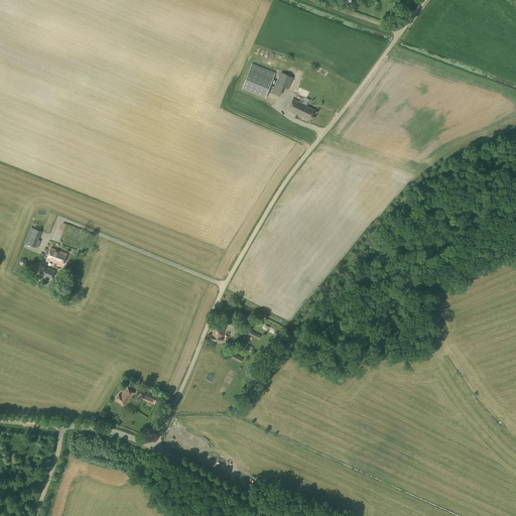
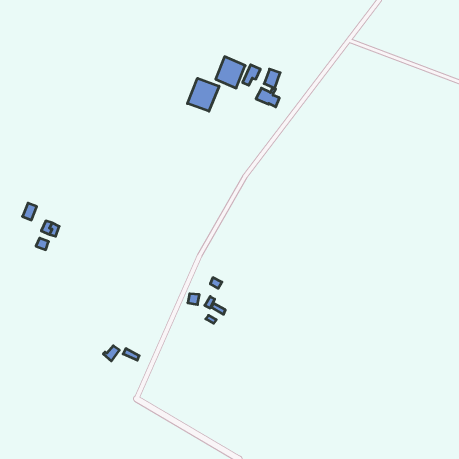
building: none -> [187,78,219,111]

